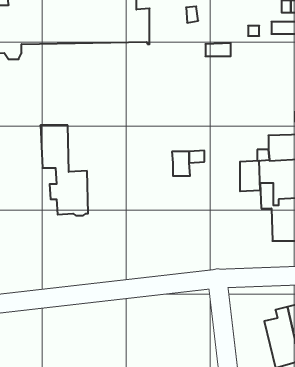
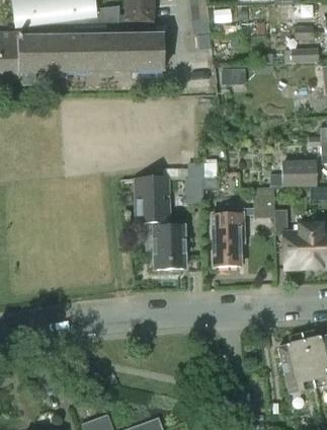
building: [40,125,88,216] -> [138,180,185,270]
building: none -> [213,207,244,269]

